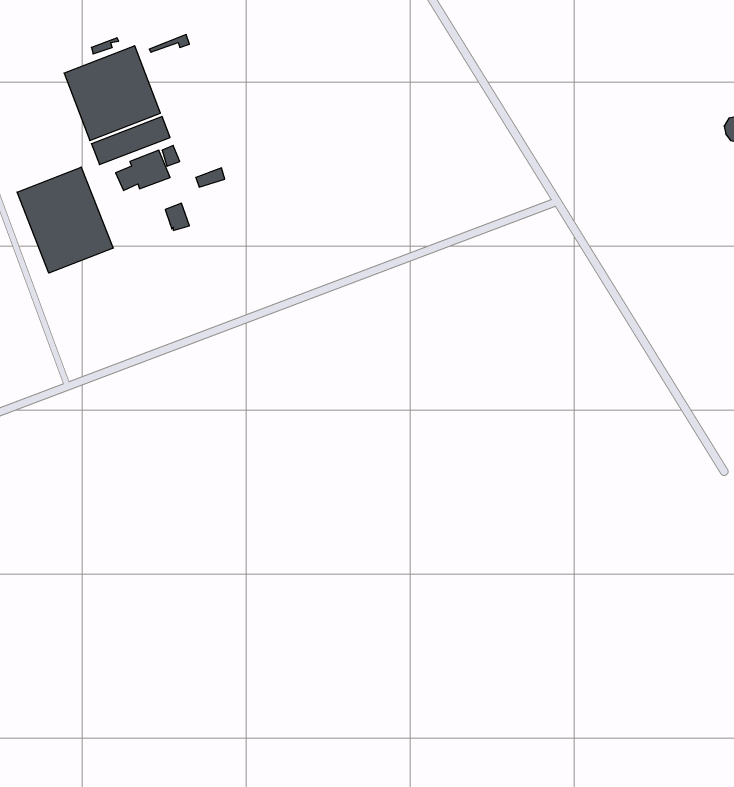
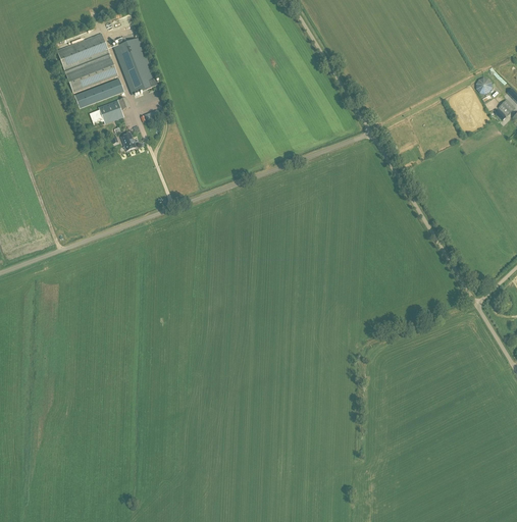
building: none -> [113,38,156,94]
building: [17,167,113,273] -> none

